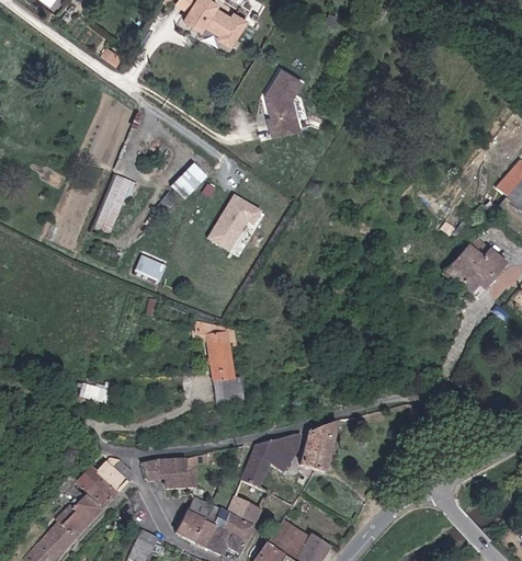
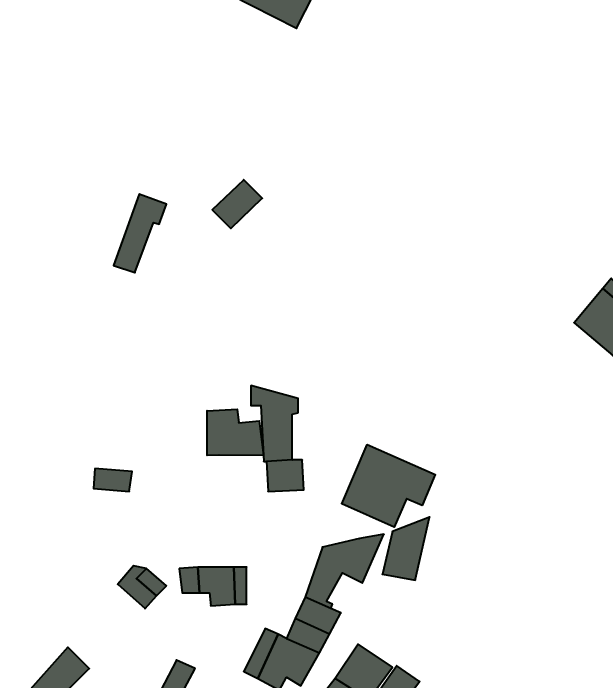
building: [265,70,303,135] -> none
building: [206,193,264,256] -> none
building: [134,254,167,282] -> none
building: none -> [207,409,263,455]
building: none -> [342,445,435,527]
building: [77,466,118,506] -> none
building: [56,482,101,537] -> none
building: [178,499,211,539] -> none

